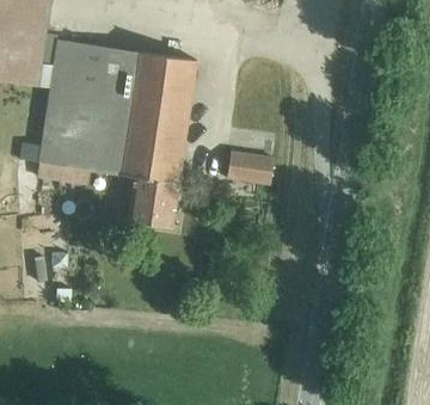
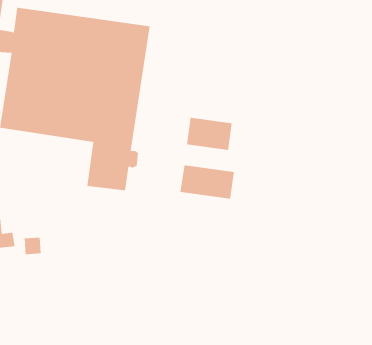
building: none -> [180,165,235,199]

